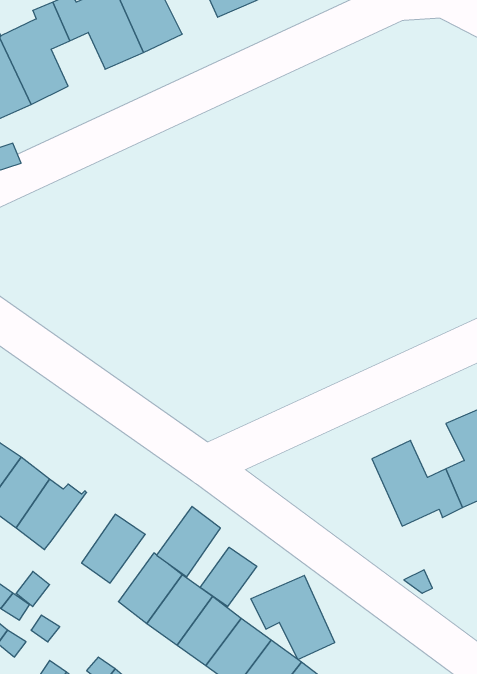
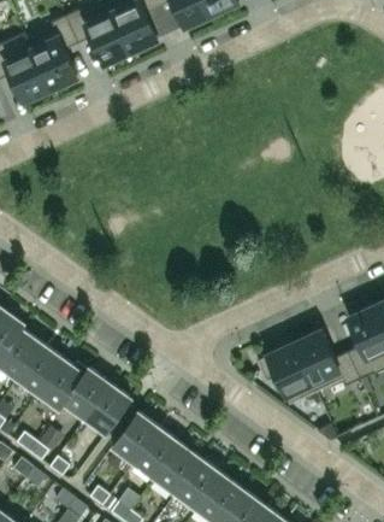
building: [157,506,220,577] -> [64,369,110,420]
building: [200,547,257,607] -> none
building: [251,575,335,659] -> [255,345,315,405]

